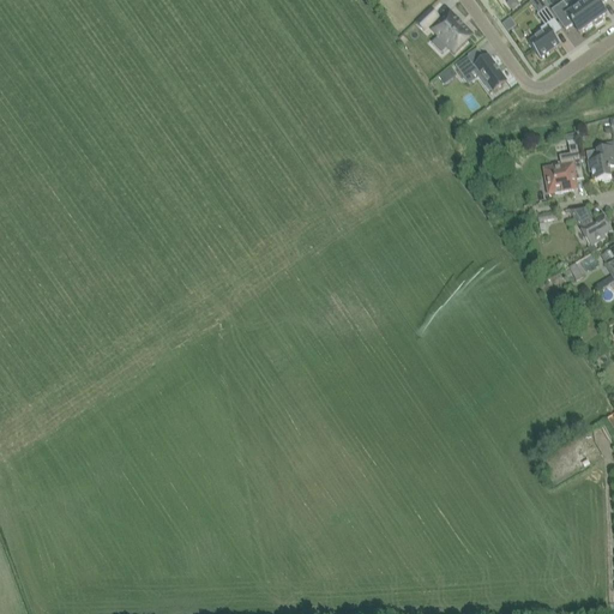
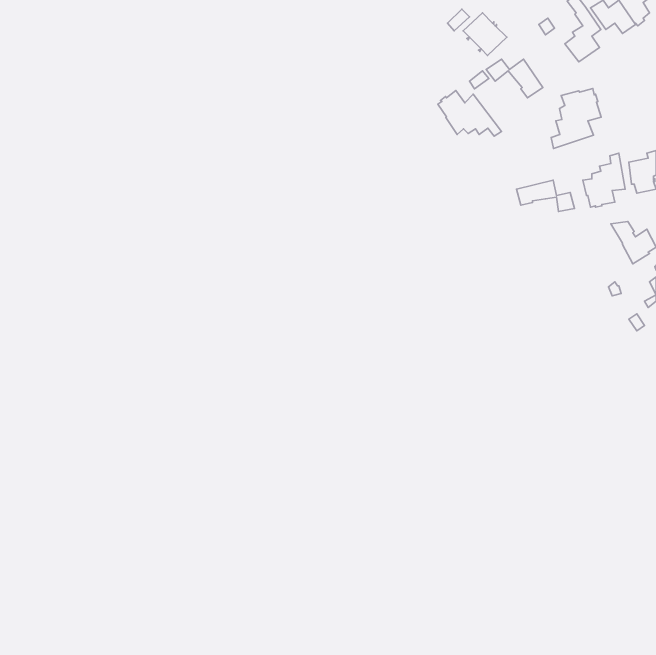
building: none -> [551,89,601,148]
building: none -> [438,90,501,136]
building: none -> [517,180,574,212]

